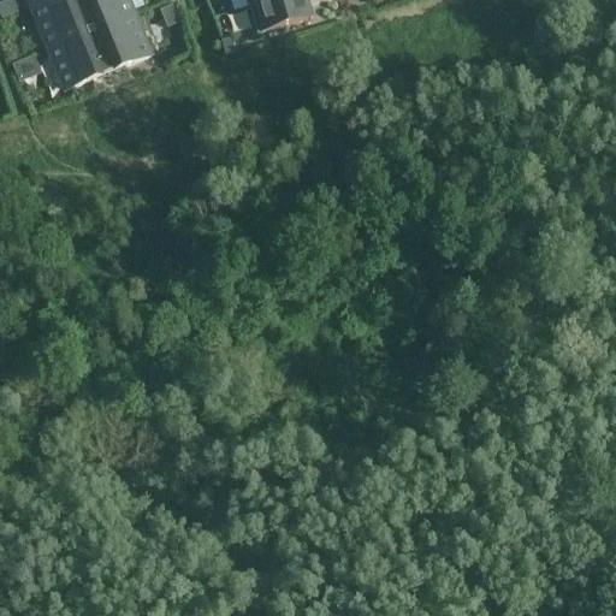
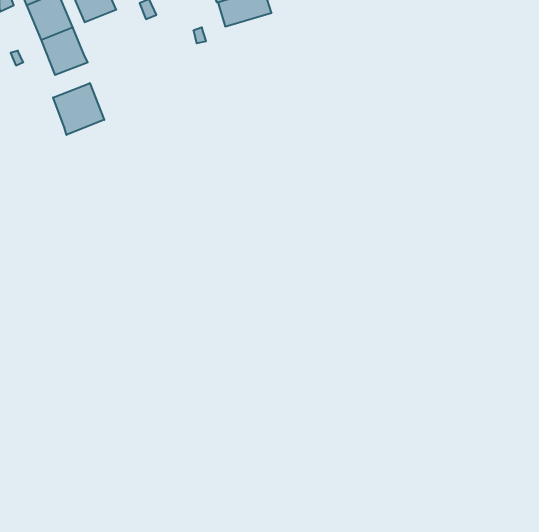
building: [96,11,149,65] -> none
building: none -> [53,83,104,135]

